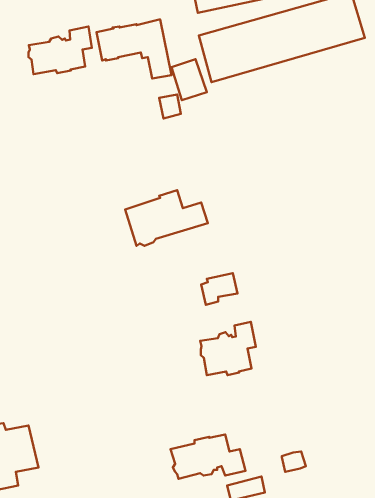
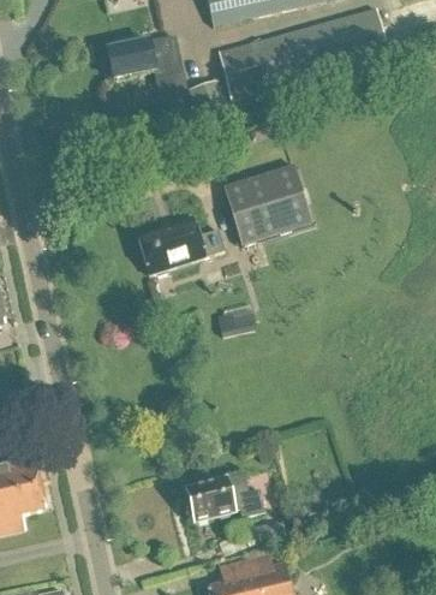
building: [28,27,92,74] -> none
building: none -> [222,165,312,244]
building: [200,322,256,375] -> none

